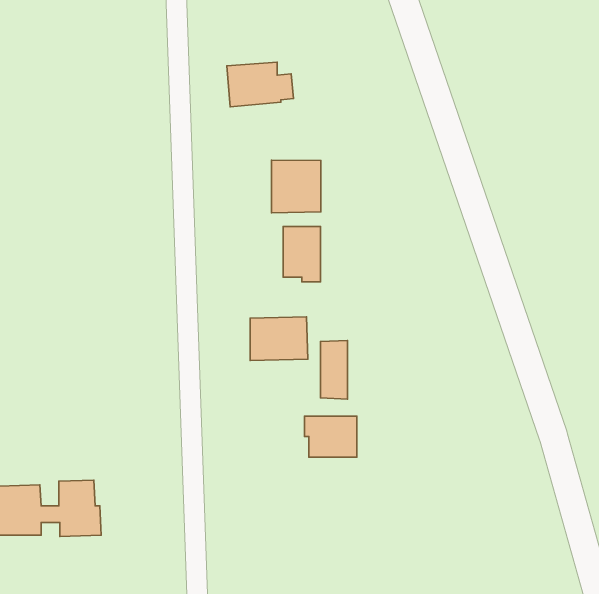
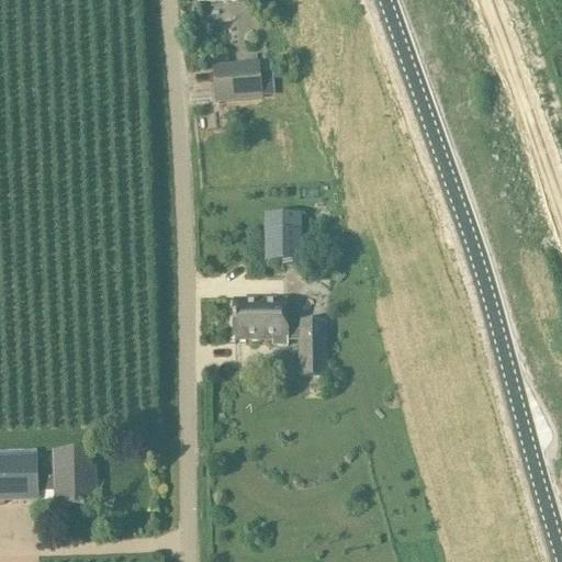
building: [271,160,321,213] -> none
building: [304,416,357,457] -> none

